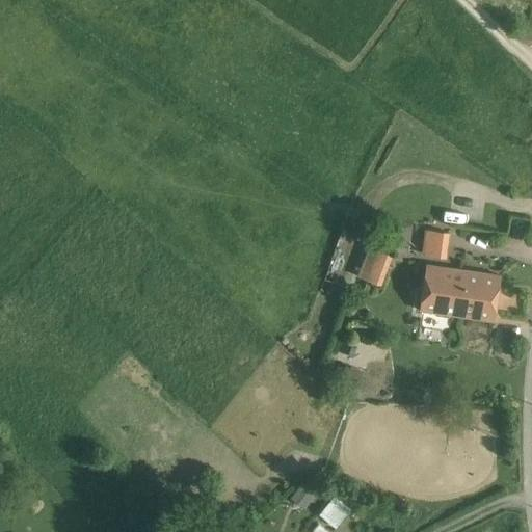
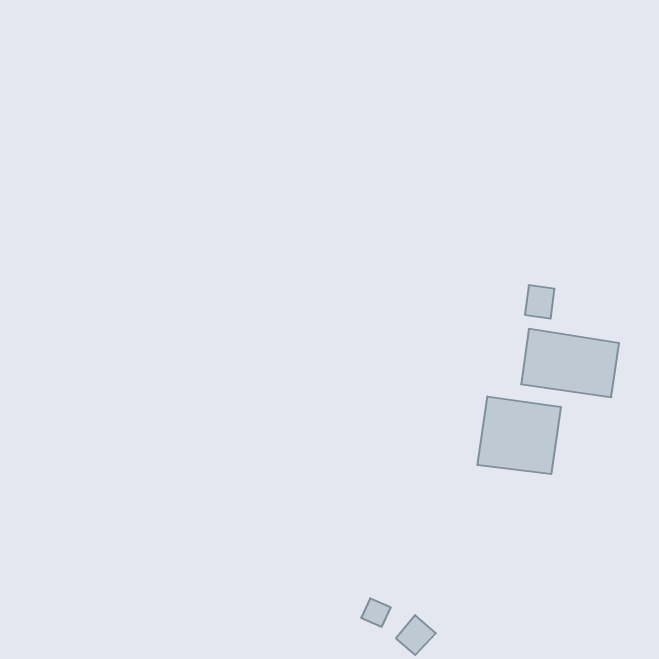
building: [358,247,390,285] -> none
building: none -> [477,396,561,474]

